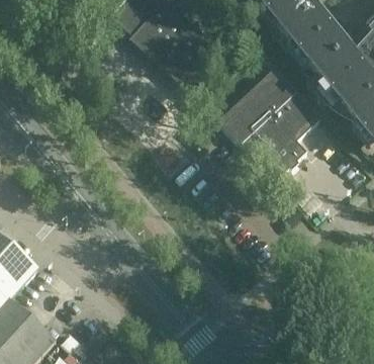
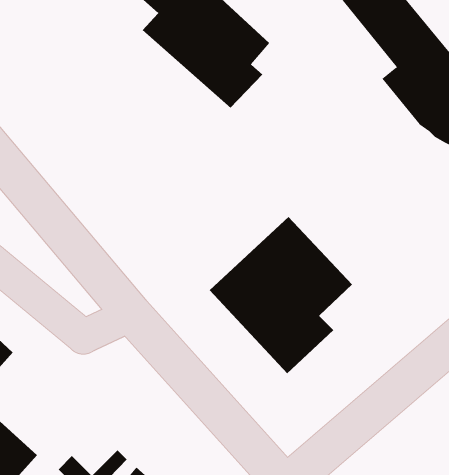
building: [216,65,318,177] -> [209,216,353,374]

